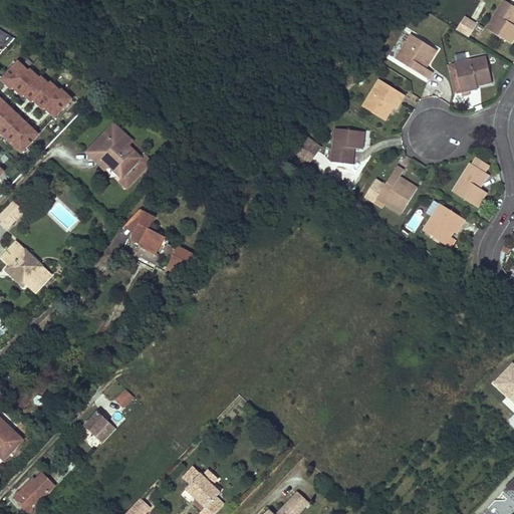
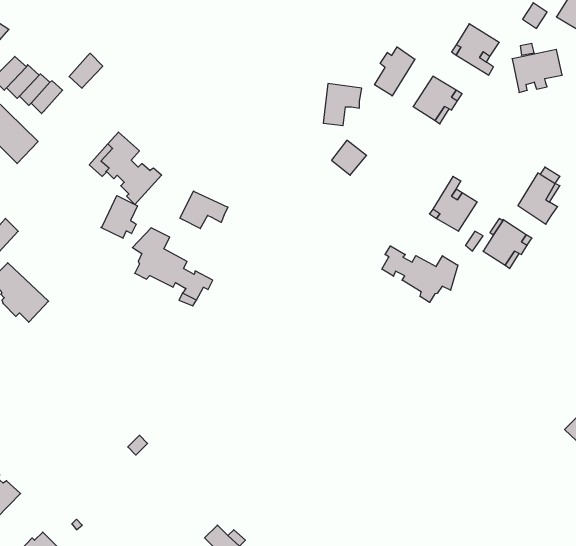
building: none -> [375,47,415,96]
building: [44,88,73,118] -> [69,53,103,88]
building: [331,126,364,163] -> [323,84,362,126]
building: none -> [180,191,228,229]
building: none -> [101,196,137,238]
building: none -> [382,246,458,302]
building: [84,410,116,442] -> none

